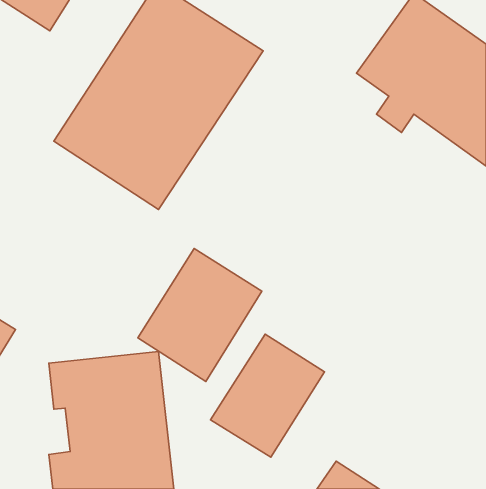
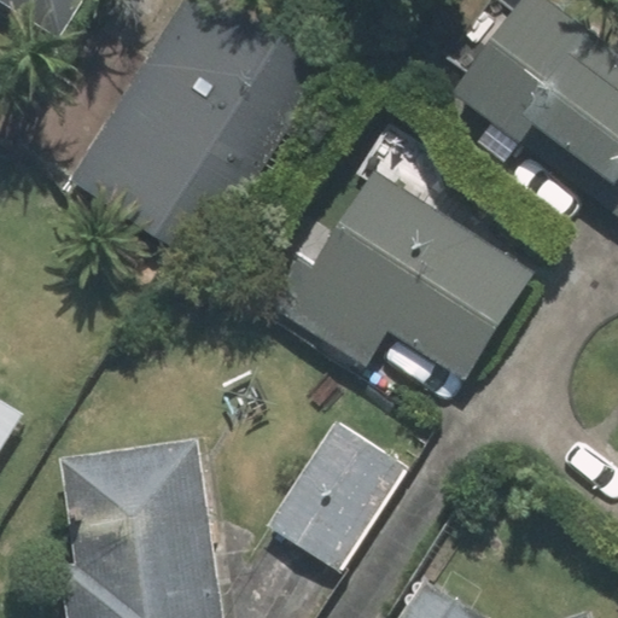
building: none -> [267,173,535,379]
building: [138,249,262,381] -> none

